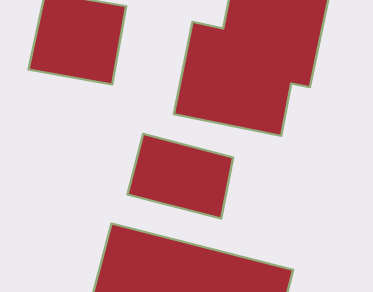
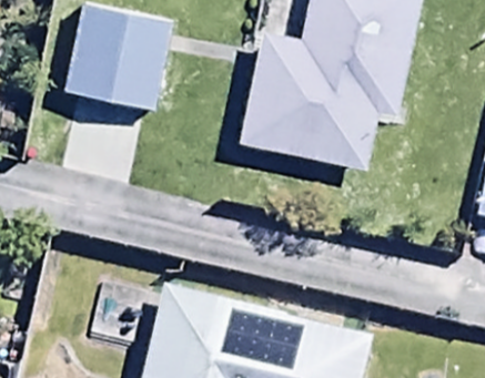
building: [128,134,233,218] -> none

